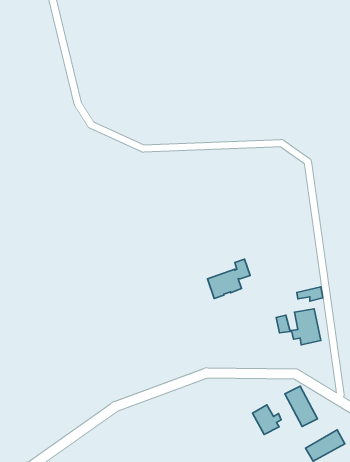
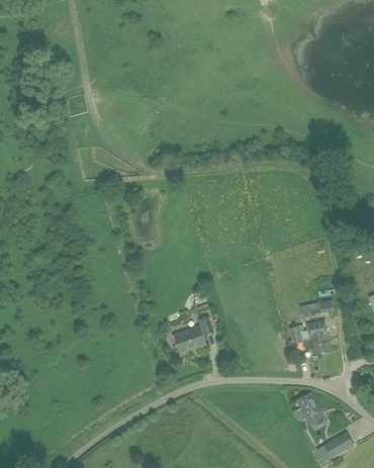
building: [208,259,250,298] -> [173,316,212,353]
building: [253,405,281,435] -> none

